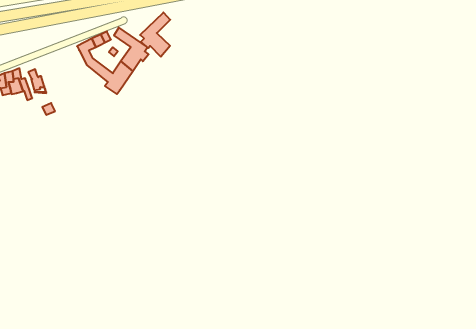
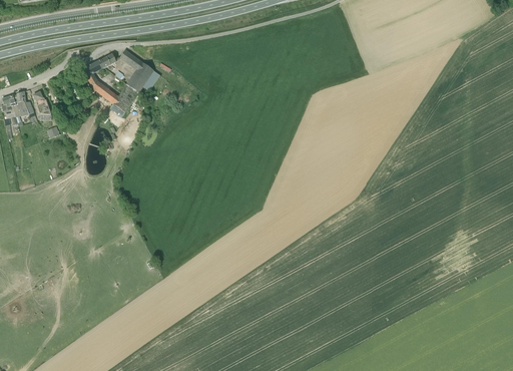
building: [140,12,170,57] -> none

